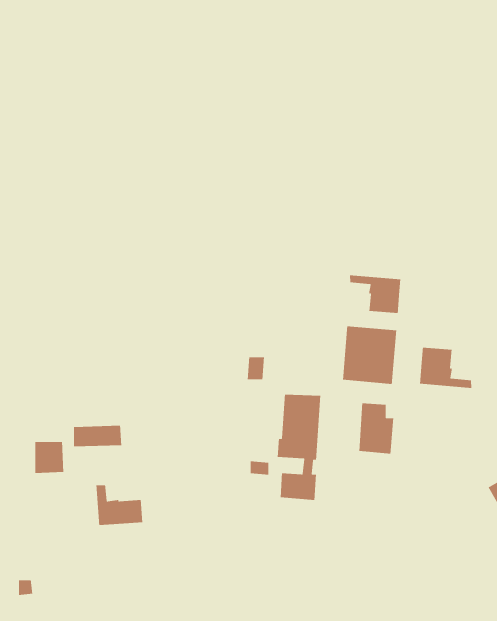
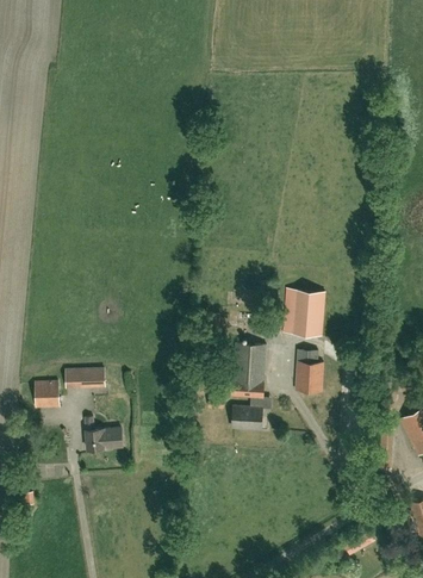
building: [349,275,401,314] -> none
building: [419,347,472,389] -> none

